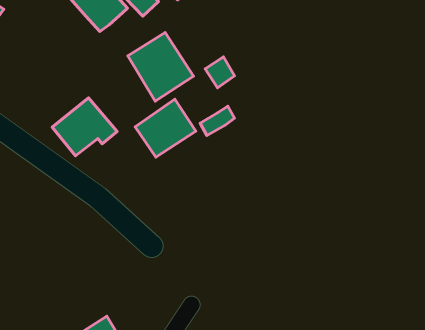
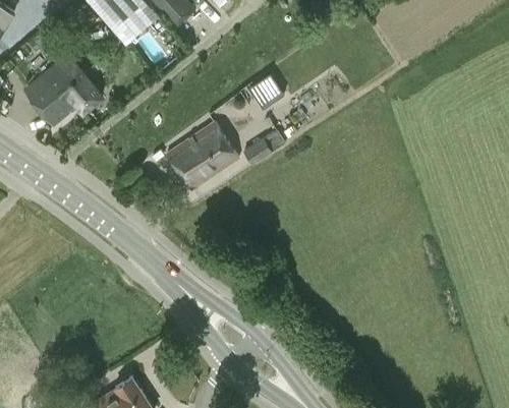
building: [128,33,193,101] -> none
building: [52,98,117,156] -> [24,57,101,125]

